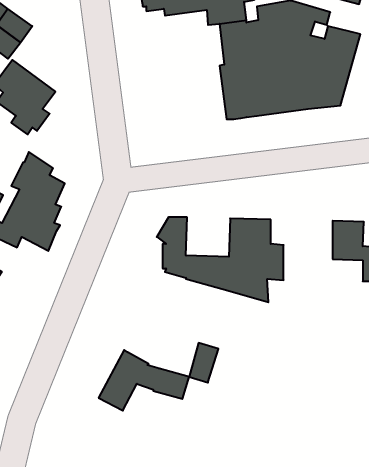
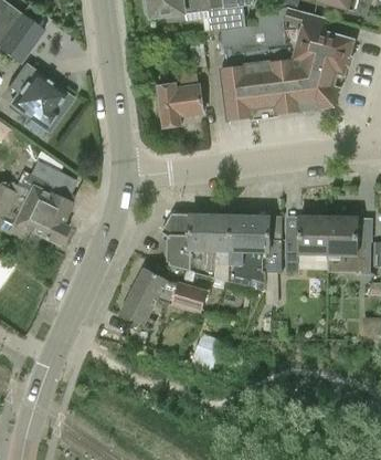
building: none -> [156,71,203,127]
building: none -> [285,211,328,271]
building: none -> [189,212,231,250]
building: [99,350,189,411] -> [120,266,207,324]

